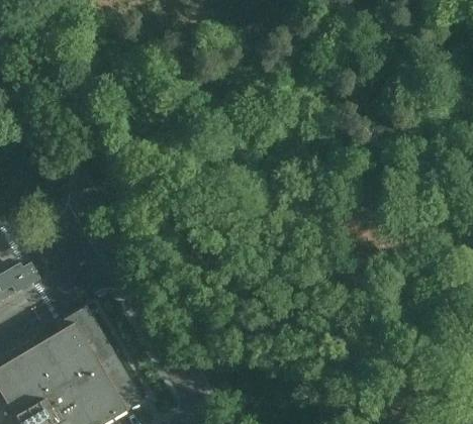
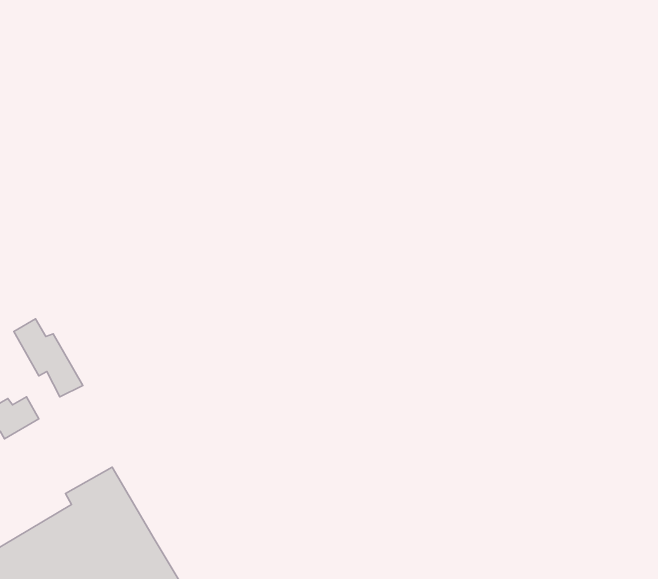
building: none -> [14,319,83,397]

